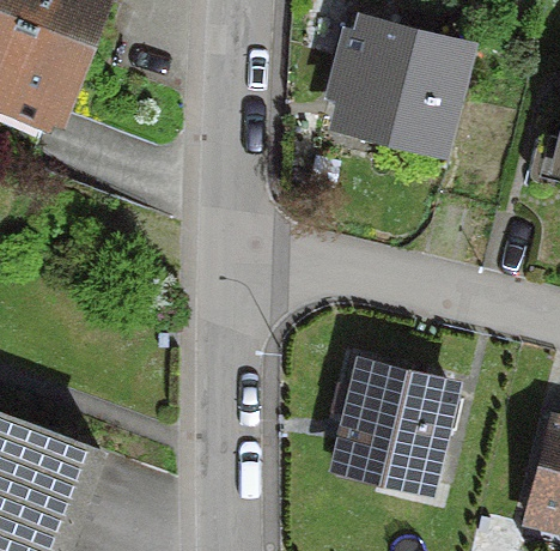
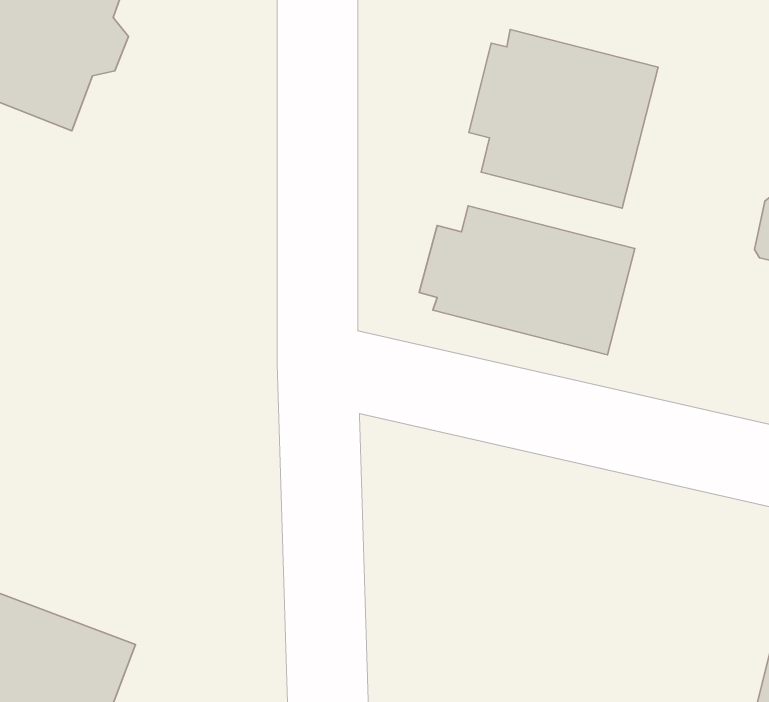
building: none -> [419,206,635,355]
building: [331,368,446,483] -> none

